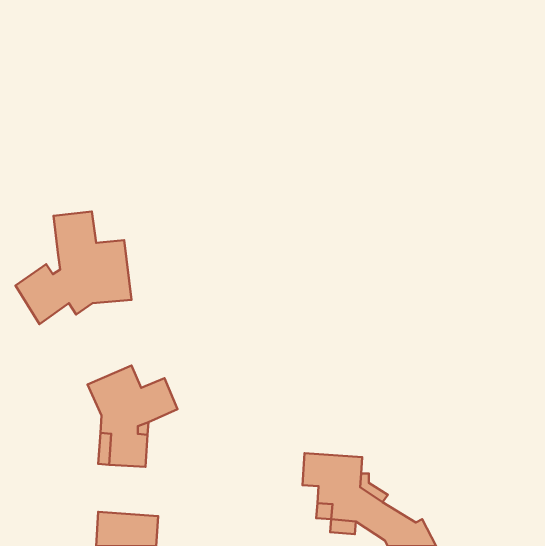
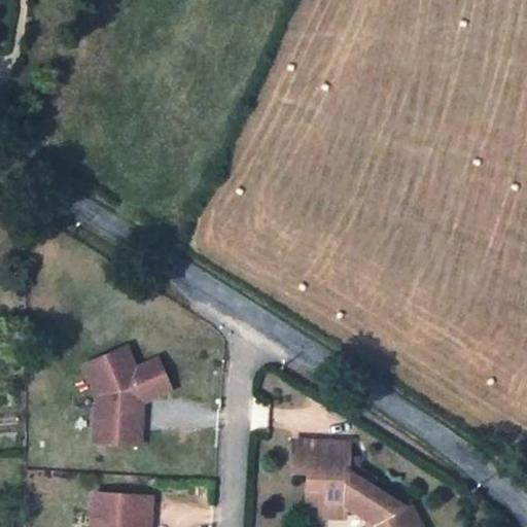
building: [16,211,131,324] -> none

